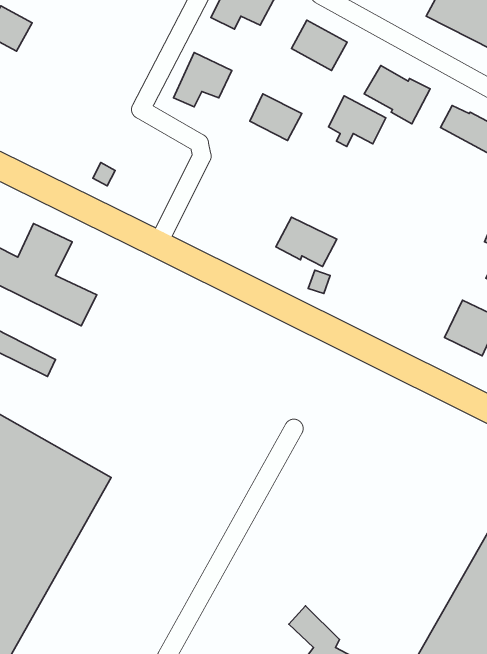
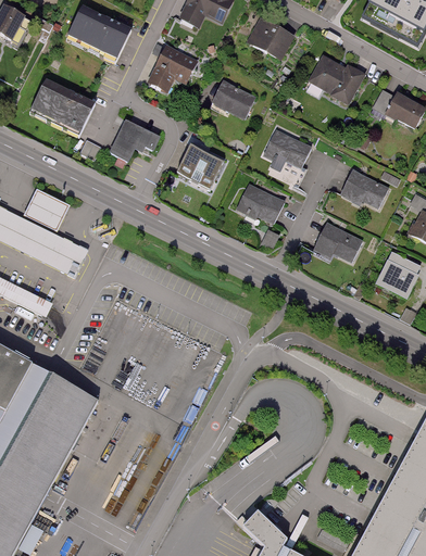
building: none -> [67,7,130,61]
building: none -> [32,79,95,132]
building: [329,96,386,146] -> [264,128,312,170]
building: none -> [111,118,161,161]
building: none -> [177,142,225,188]
building: none -> [341,169,389,208]
building: none -> [314,222,363,263]

